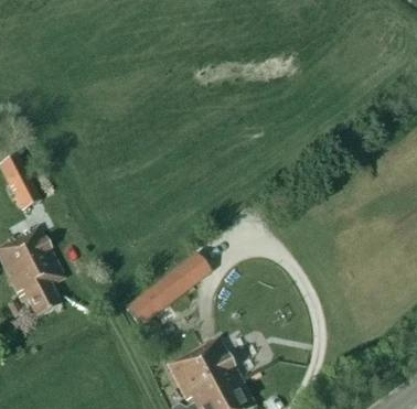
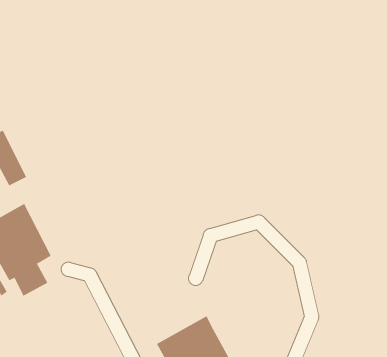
building: [126,254,210,324] -> none

